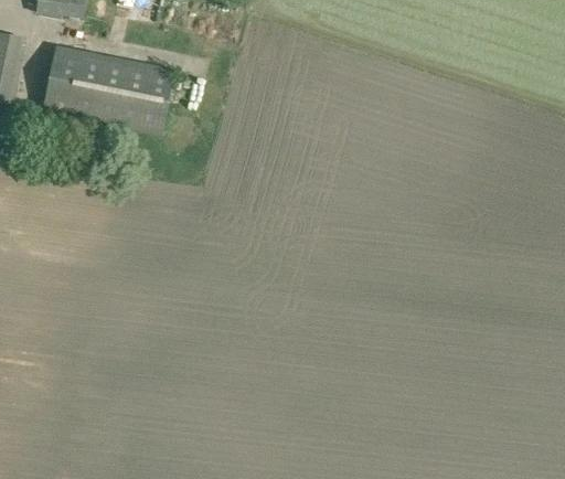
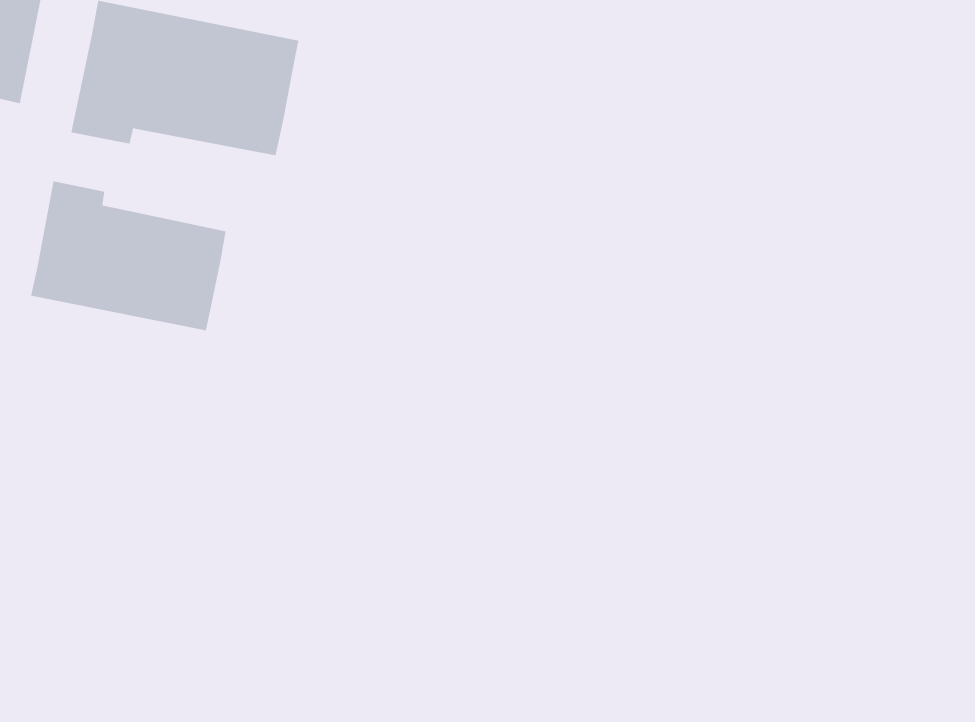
building: none -> [30,180,226,331]

